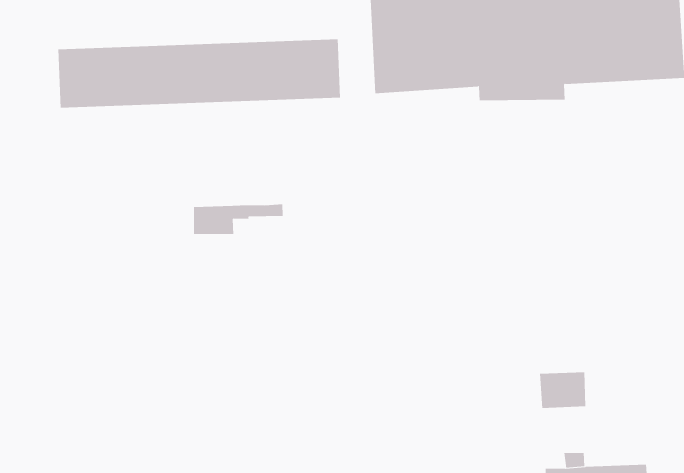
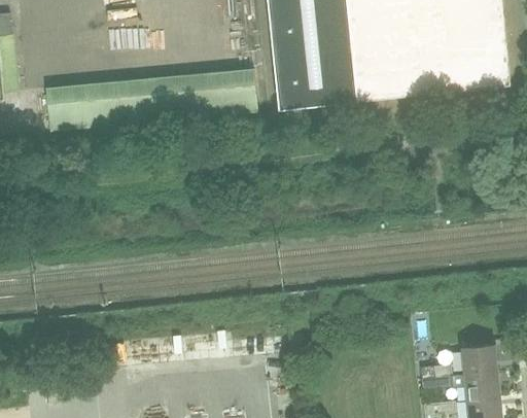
building: [193,204,283,235] -> none
building: [539,372,586,408] -> [459,341,495,370]

